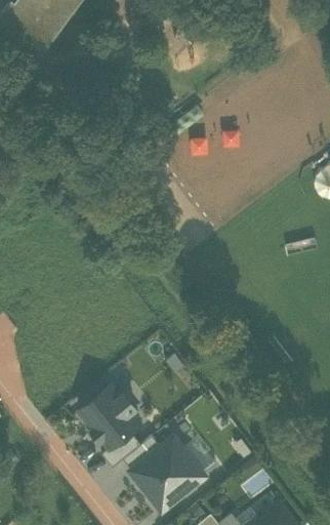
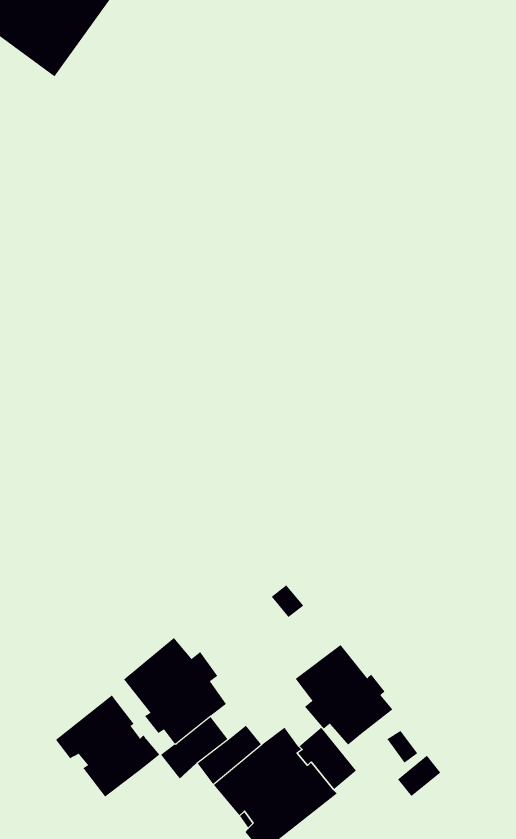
building: none -> [295,644,393,745]
building: none -> [55,694,160,797]

